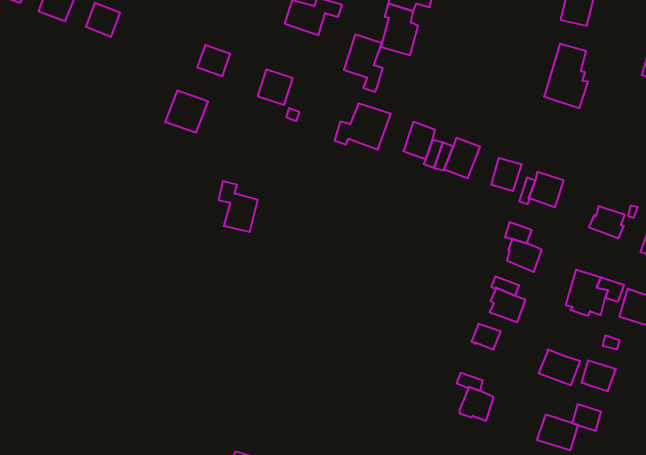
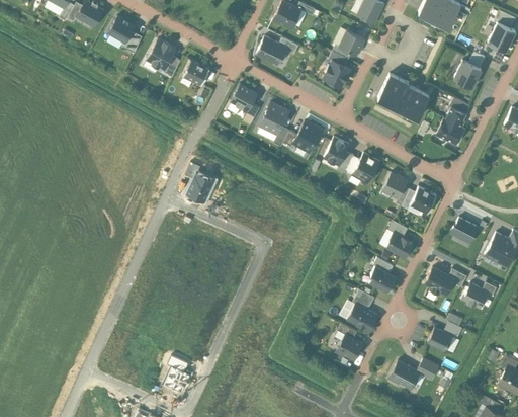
building: none -> [379,77,432,122]
building: [344,34,383,92] -> [255,102,285,146]
building: [165,91,208,133] -> [145,38,178,71]
building: [539,349,580,385] -> [348,304,379,332]

